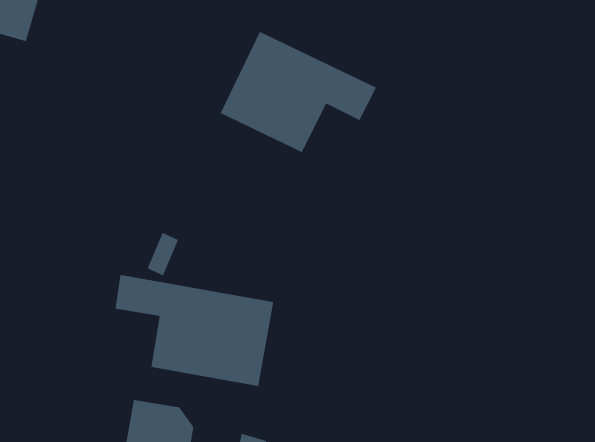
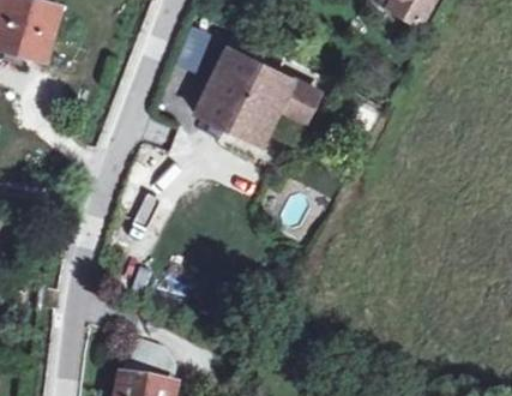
building: [115,274,274,387] -> none

